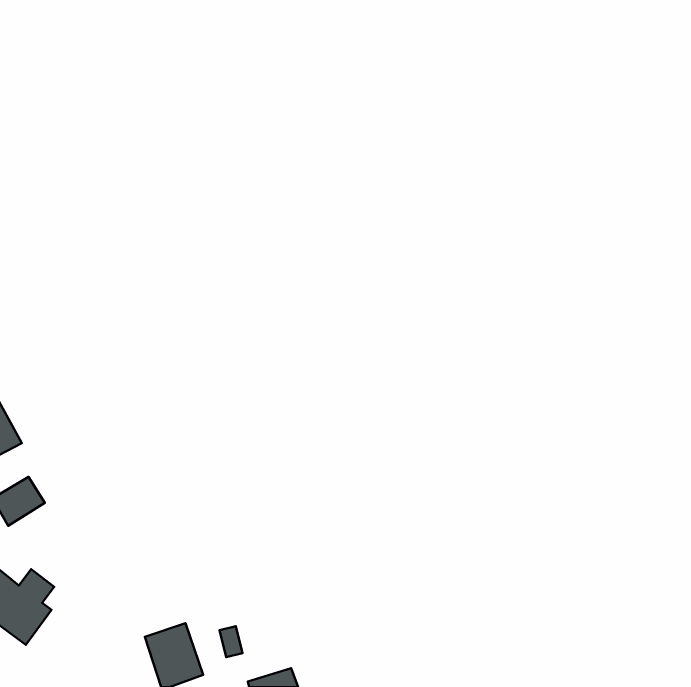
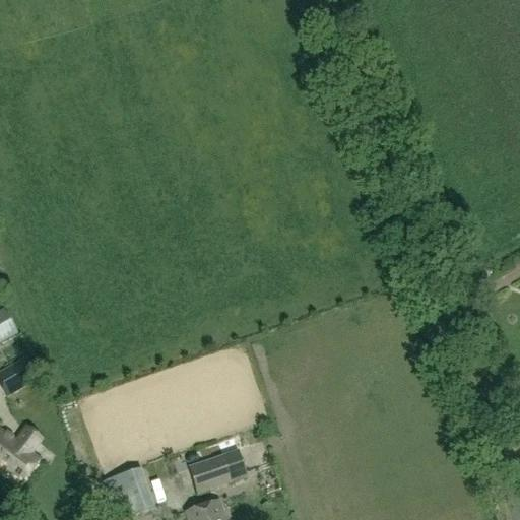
building: none -> [188,449,246,492]

